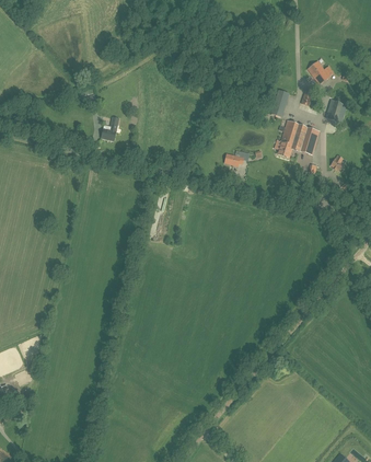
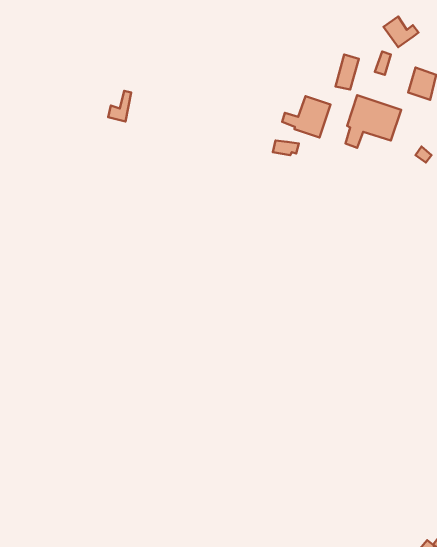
building: none -> [282,96,331,138]

